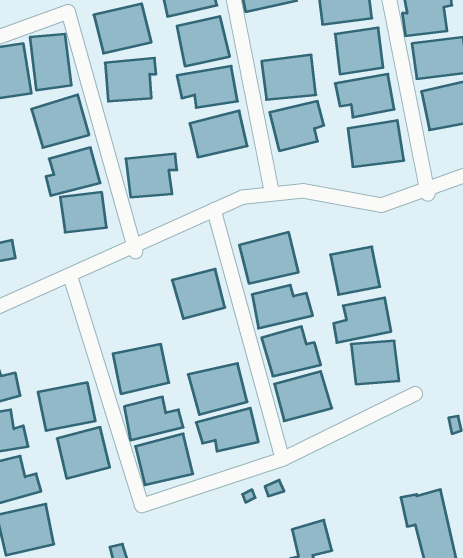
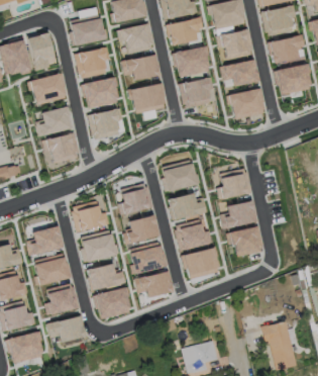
building: none -> [168,17,203,45]
building: none -> [83,77,119,109]
building: none -> [71,200,108,231]
building: none -> [122,215,160,245]
building: none -> [31,226,64,255]
building: none -> [46,316,86,343]

